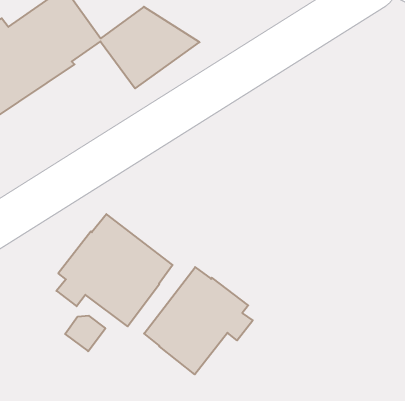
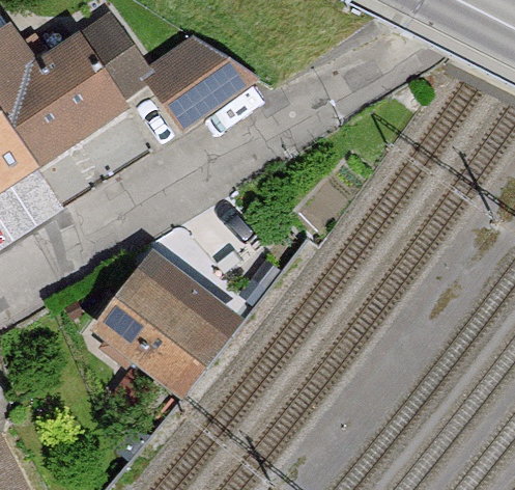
building: [144,267,253,374] -> none

